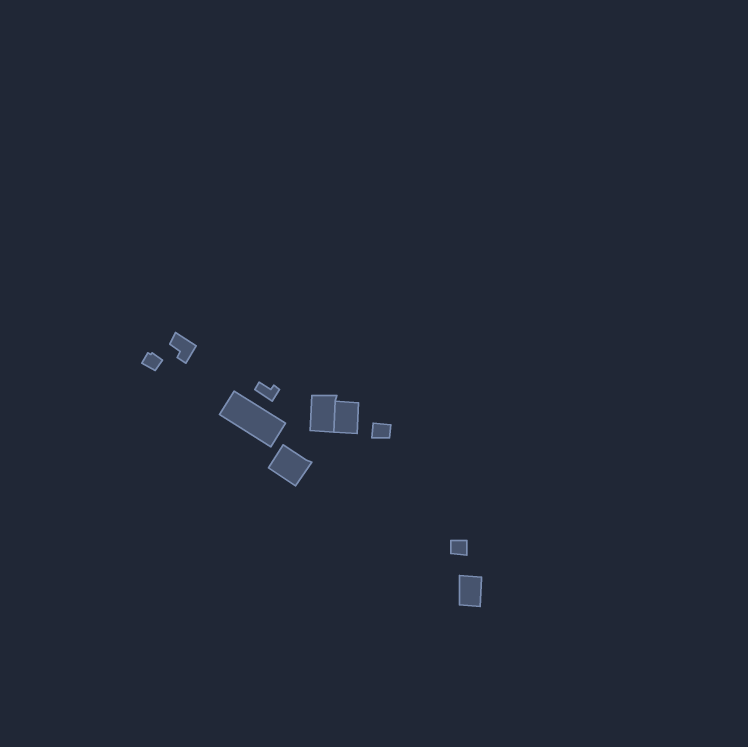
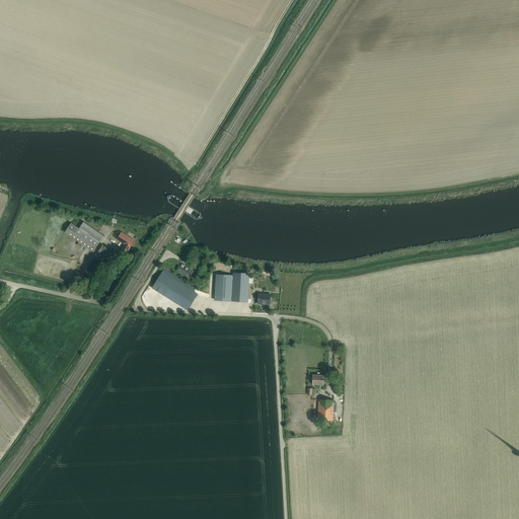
building: none -> [65,221,104,250]
building: [269,445,312,486] -> none

